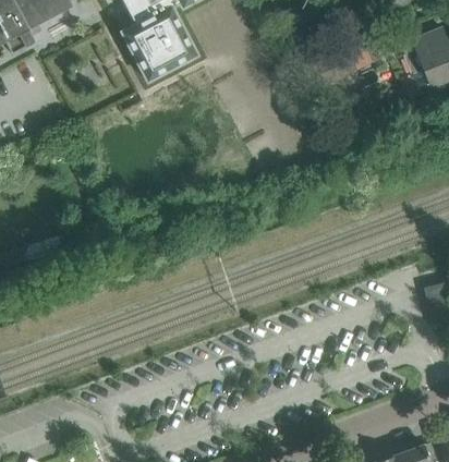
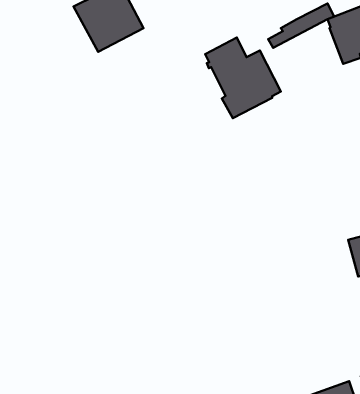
building: none -> [205,37,281,118]

